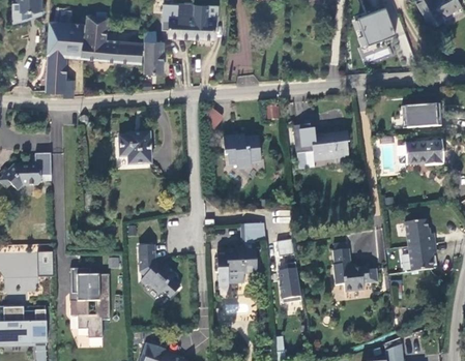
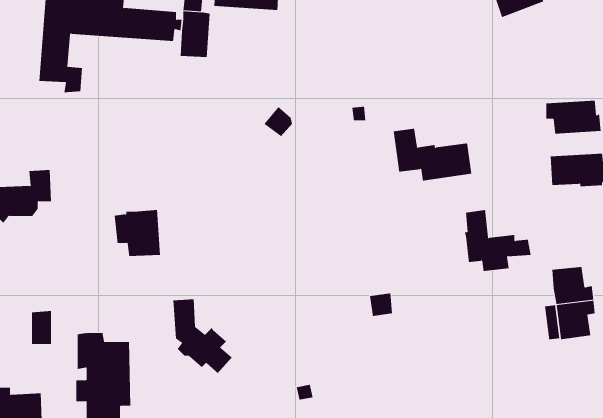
building: [118,132,151,166] -> [114,210,161,257]
building: [223,137,259,169] -> none
building: [215,223,265,287] -> none
building: [332,248,380,292] -> [464,210,531,271]
building: [280,262,299,302] -> none

